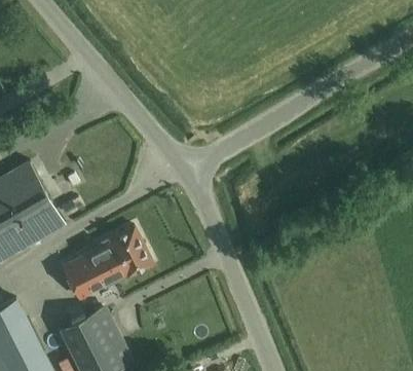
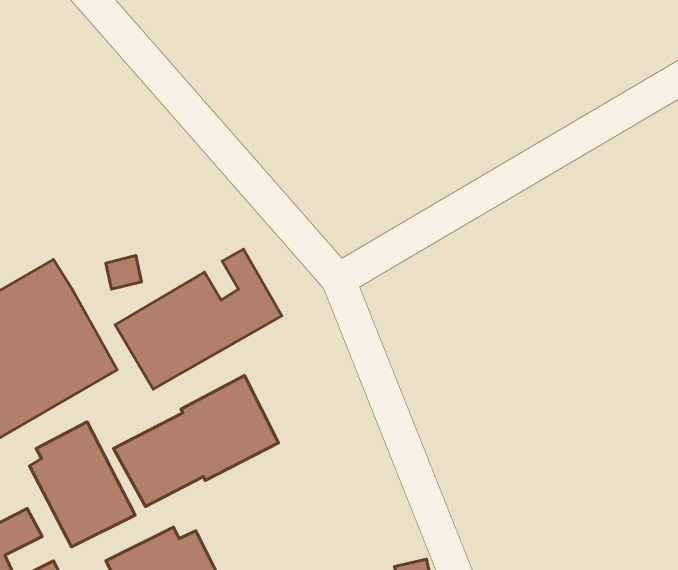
building: none -> [115,249,282,389]
building: none -> [29,422,135,547]

